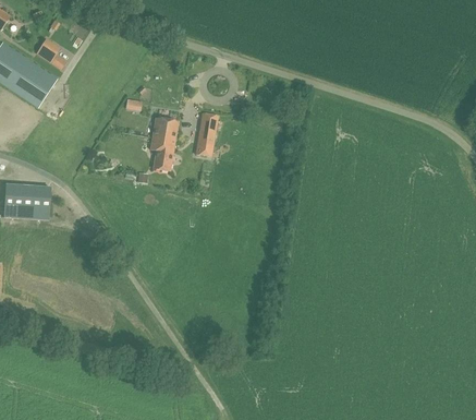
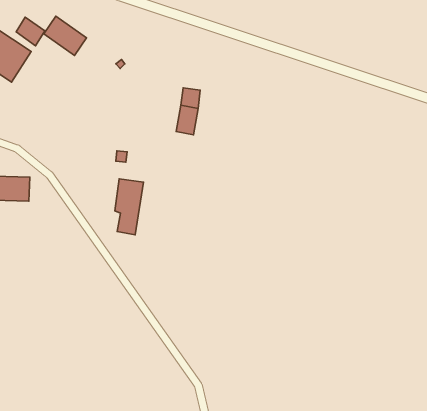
building: none -> [44,16,86,56]
building: [149,116,176,169] -> [115,179,143,235]

